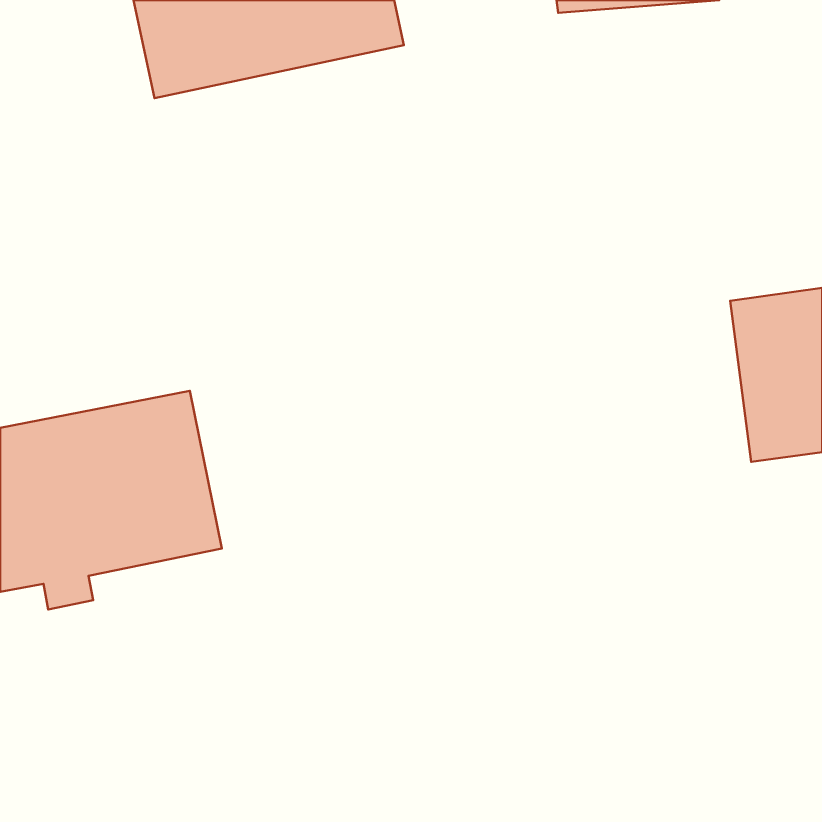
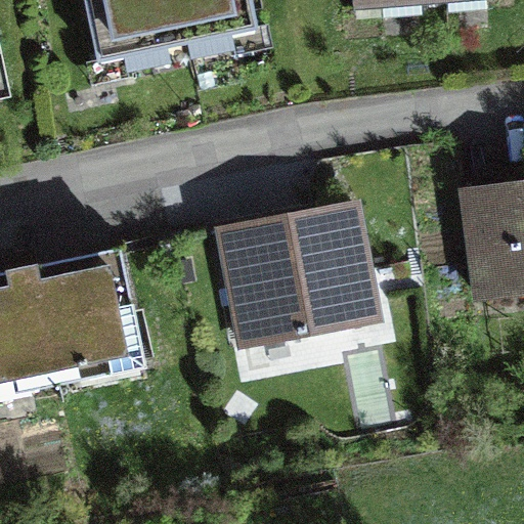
building: none -> [208,202,379,346]

